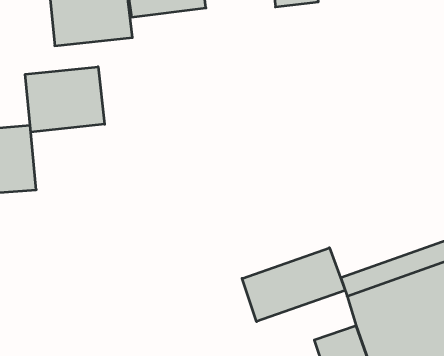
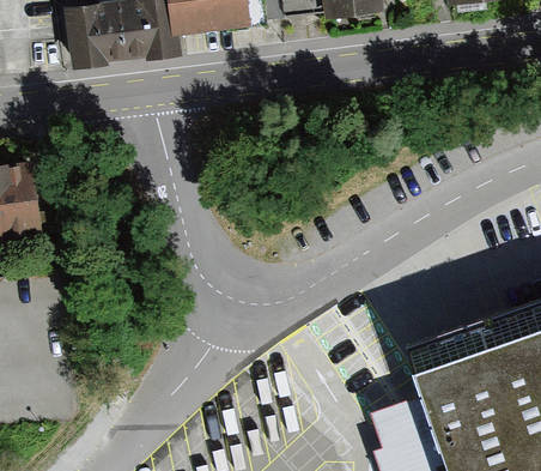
building: [25,67,105,132] -> none
building: [242,248,345,322] -> none

